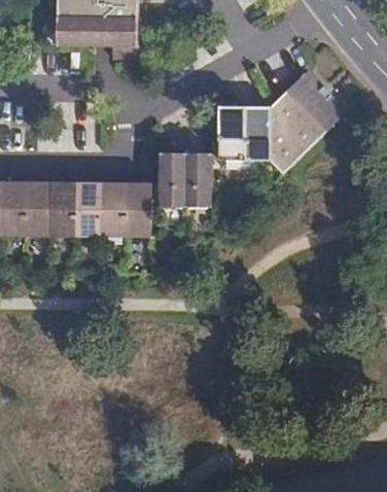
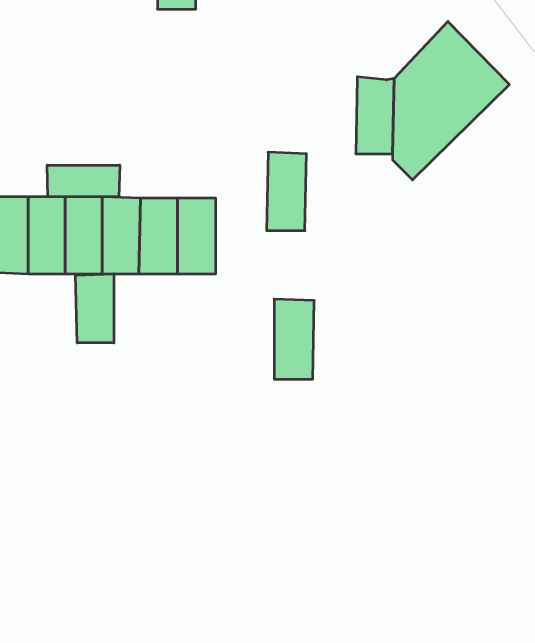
building: [212,103,246,154] -> none
building: [160,152,186,206] -> [274,299,314,379]
building: none -> [47,165,120,197]
building: none -> [76,274,114,343]

